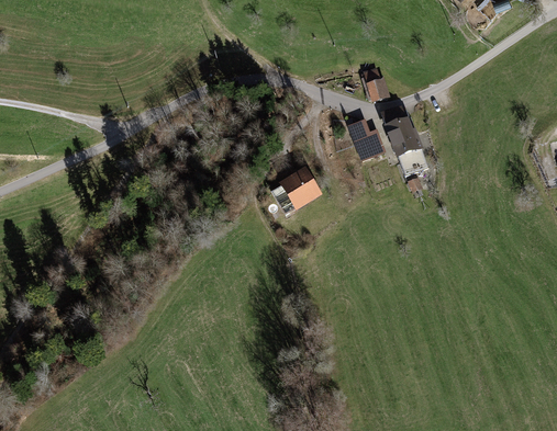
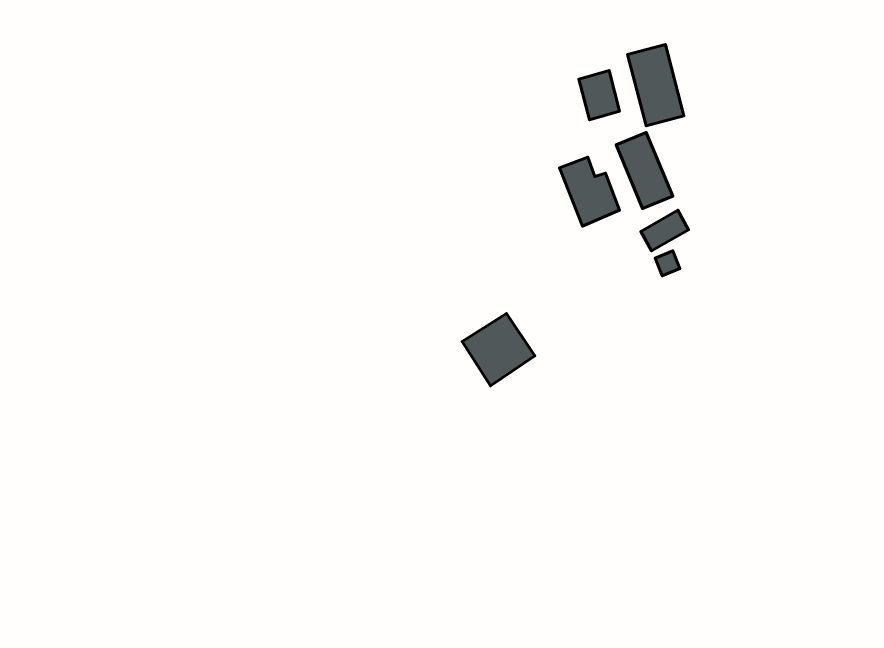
building: none -> [628,45,684,126]
building: [274,168,319,213] -> [462,313,535,386]

